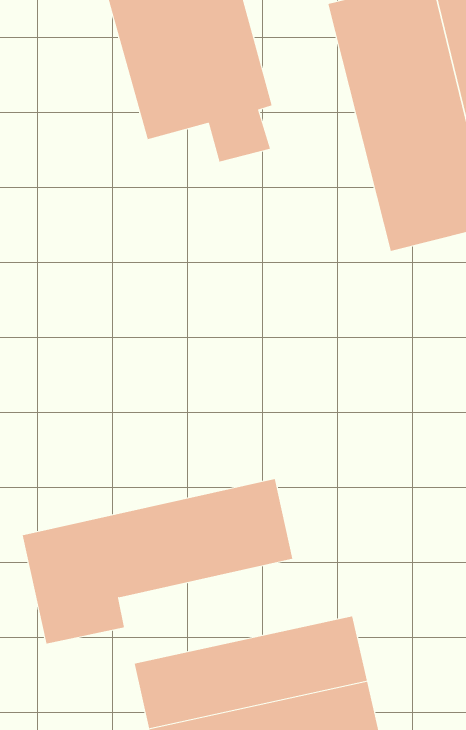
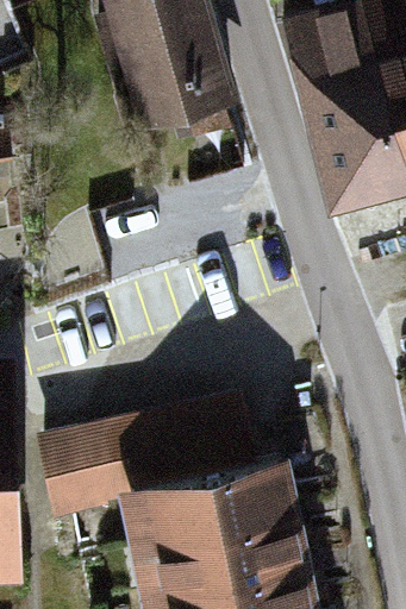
building: none -> [114,454,301,546]

